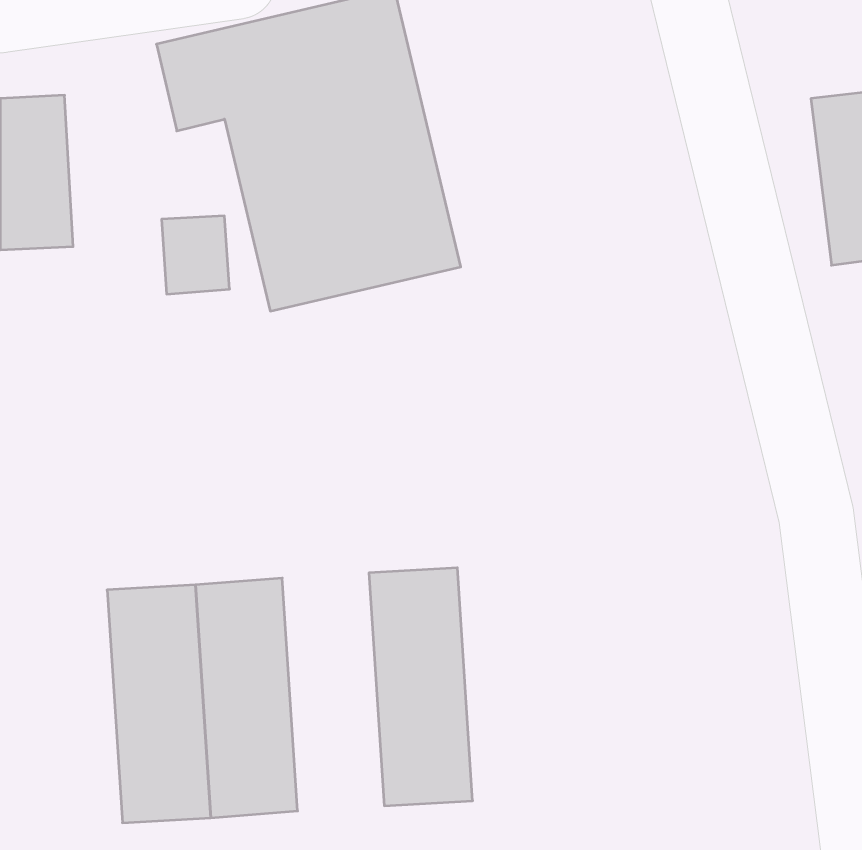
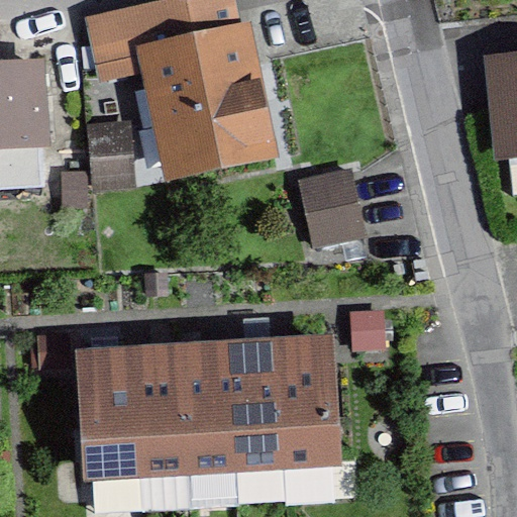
building: none -> [298,162,368,252]
building: none -> [276,333,336,476]
building: none -> [172,340,232,482]

